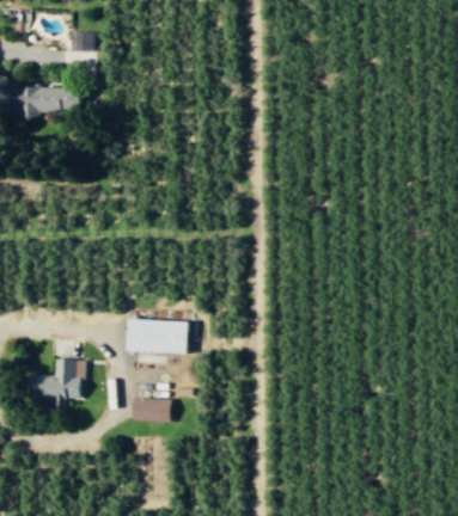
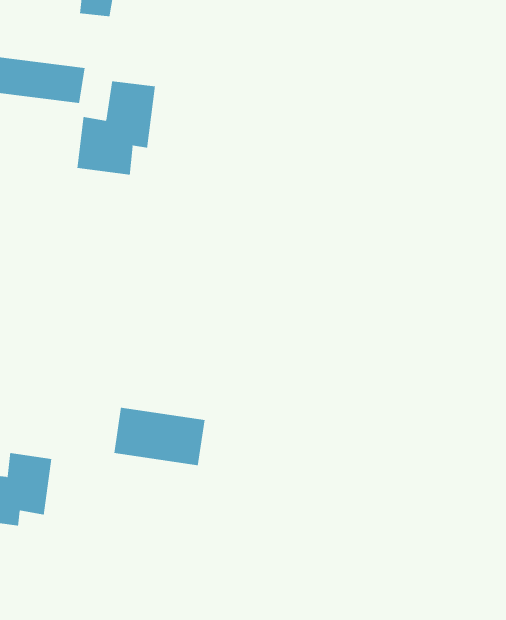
building: none -> [77,81,155,175]
building: [133,398,170,422] -> none

